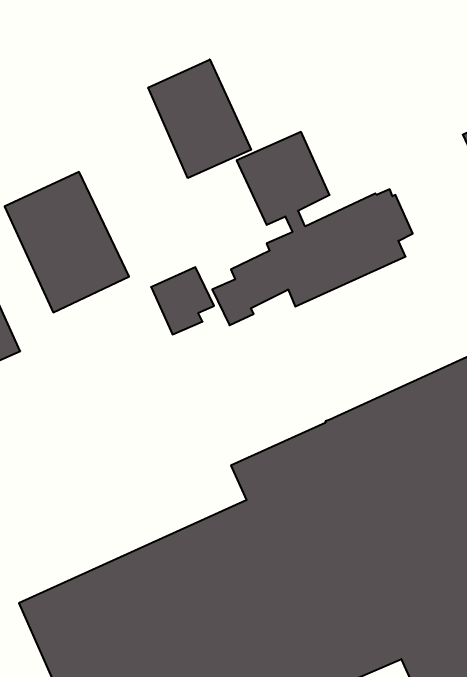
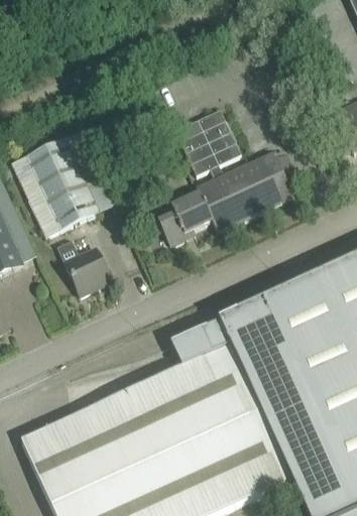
building: [148,59,251,178] -> none
building: [151,267,214,334] -> [65,246,109,293]

